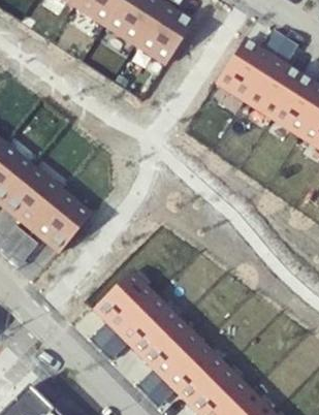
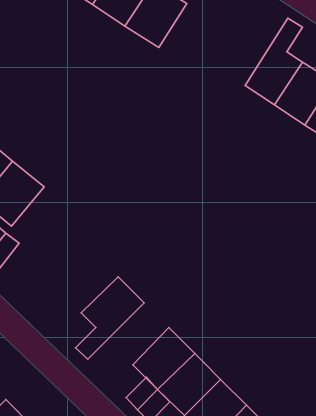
building: [218,27,286,97] -> none
building: [32,190,91,250] -> none
building: [102,296,177,359] -> none

